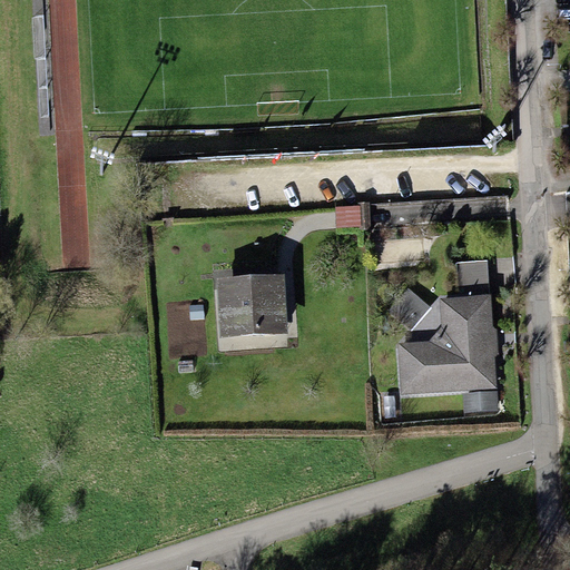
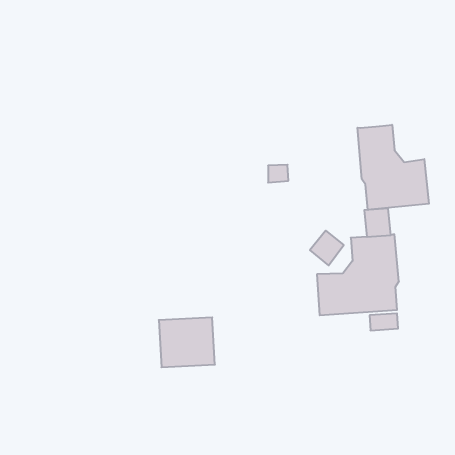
building: none -> [358,125,429,210]
building: [216,275,286,337] -> [159,317,215,367]

